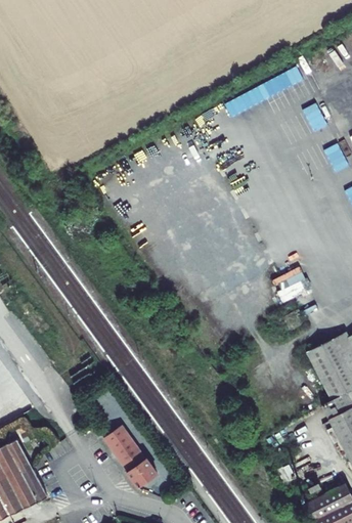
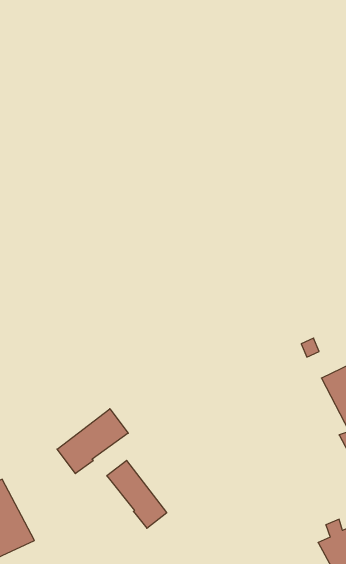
building: none -> [57,409,128,474]

